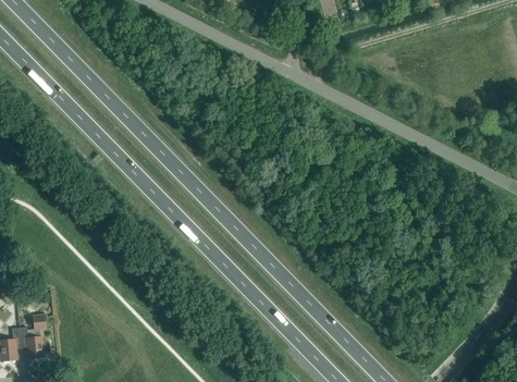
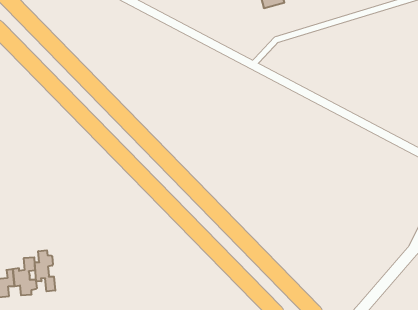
building: none -> [35,250,55,291]

